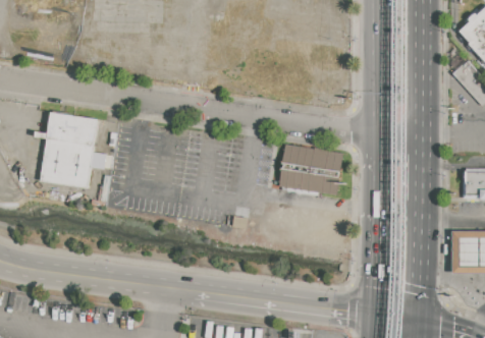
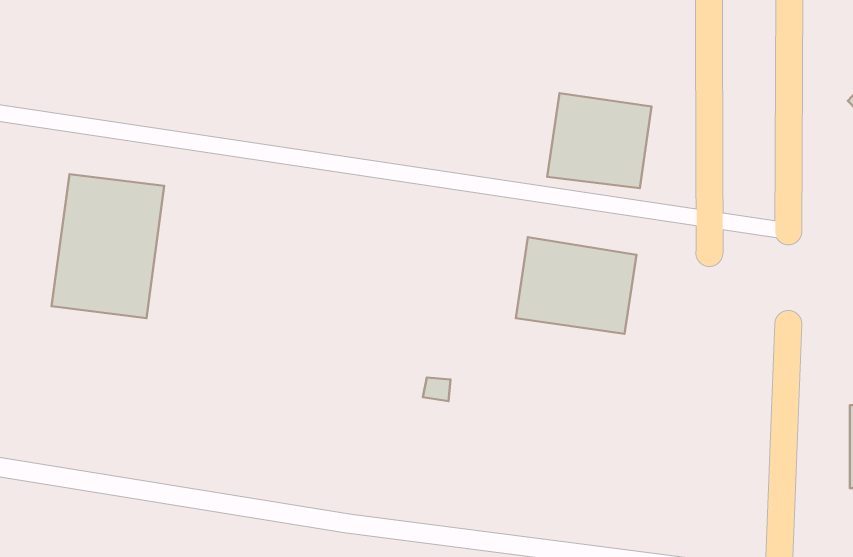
building: none -> [547,93,652,188]

